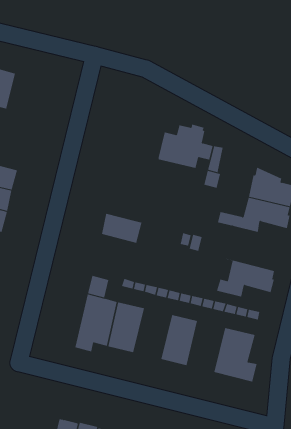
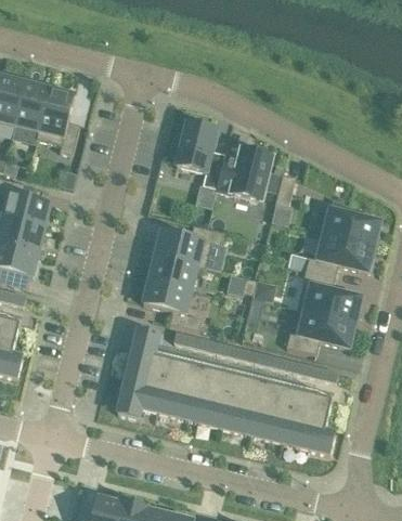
building: none -> [36,88,79,153]
building: none -> [176,122,222,187]
building: none -> [154,224,222,266]
building: none -> [295,269,360,322]
building: none -> [142,278,202,330]
building: none -> [187,366,232,427]
building: none -> [250,381,295,442]

